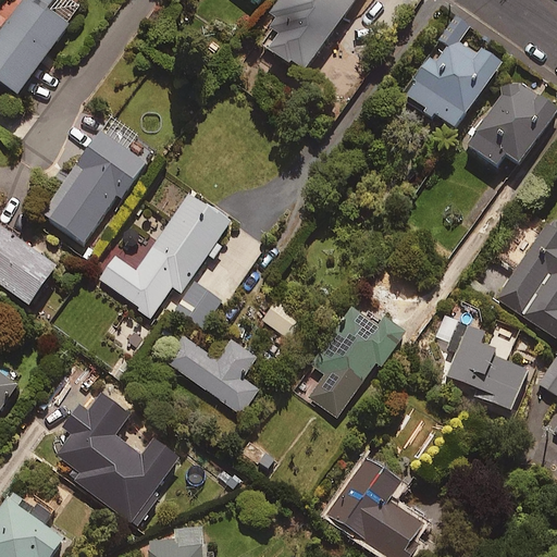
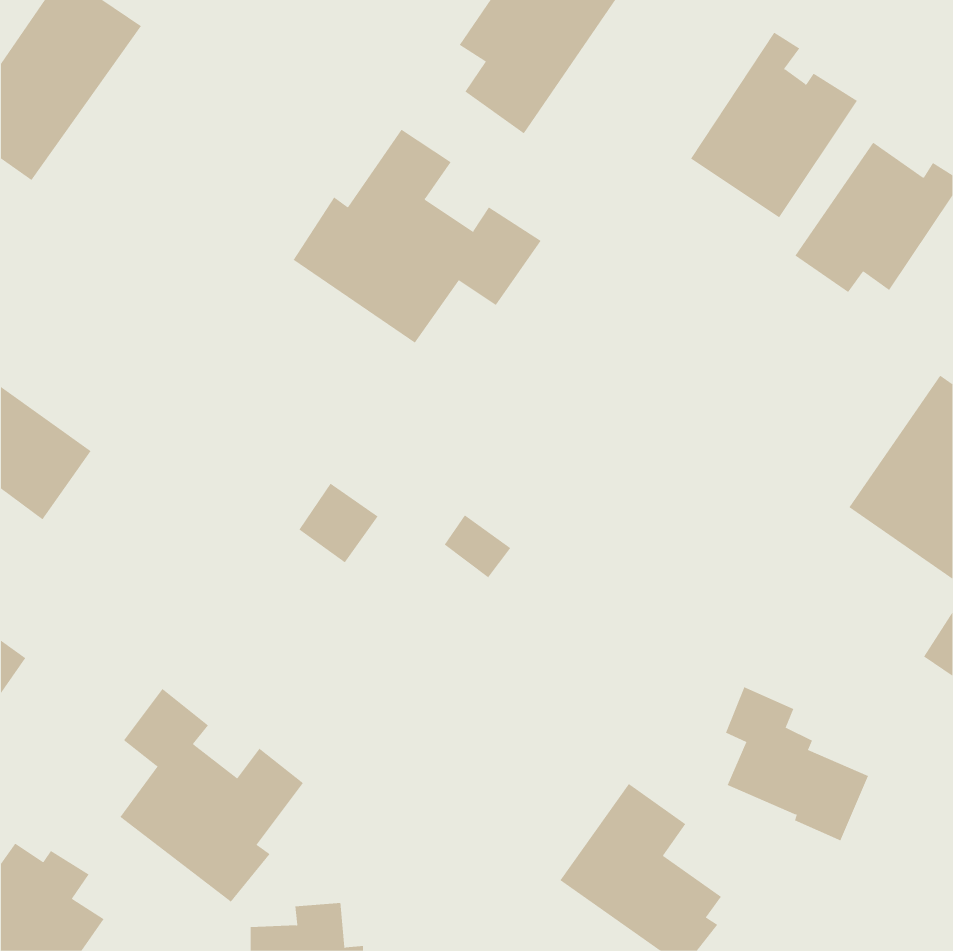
building: none -> [293,129,542,344]
building: [49,134,143,240] -> none
building: [97,191,228,315] -> none
building: [308,306,403,417] -> none
building: [443,317,527,407] -> [725,686,869,841]
building: [165,336,258,414] -> none

